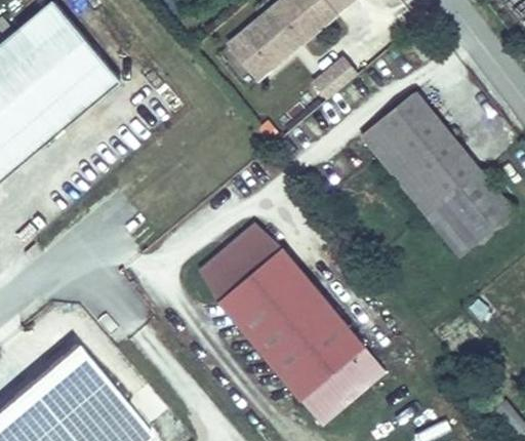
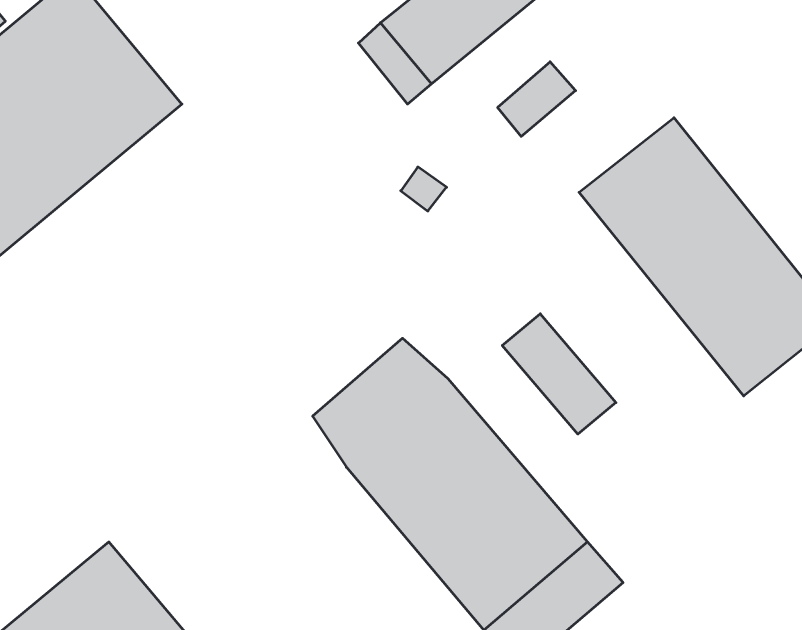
building: none -> [502,314,616,434]

